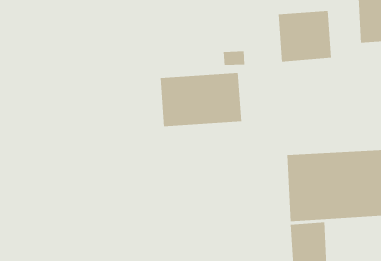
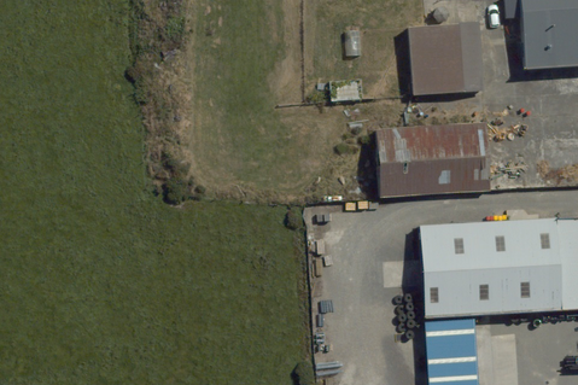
building: [160,73,242,127] -> [375,122,491,198]

